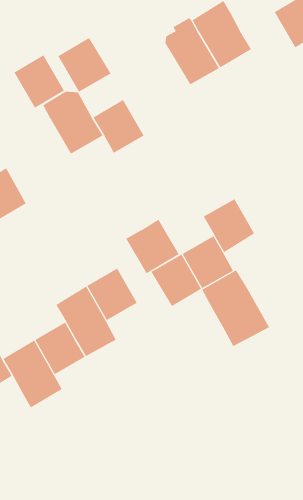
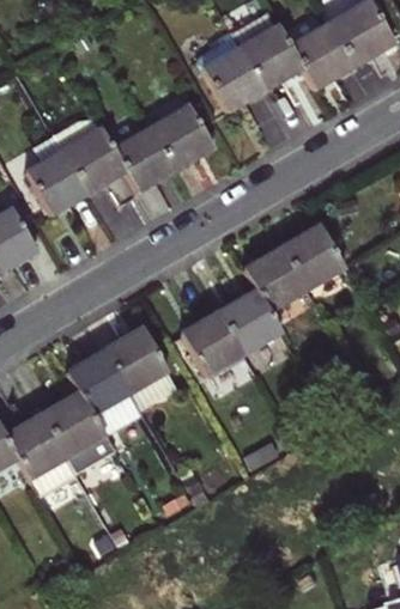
building: none -> [290,24,354,90]
building: [58,37,112,92] -> [150,105,214,171]
building: [14,54,65,109] -> [25,151,86,215]
building: none -> [283,225,343,288]
building: [125,219,179,274] -> none
building: [201,269,270,347] -> none

